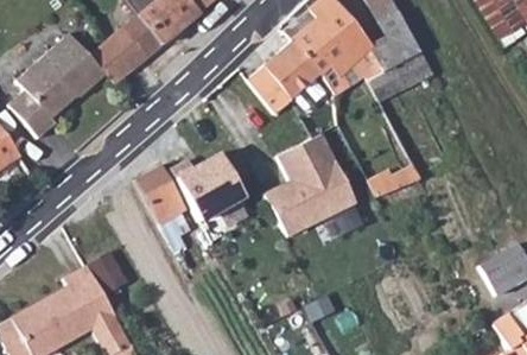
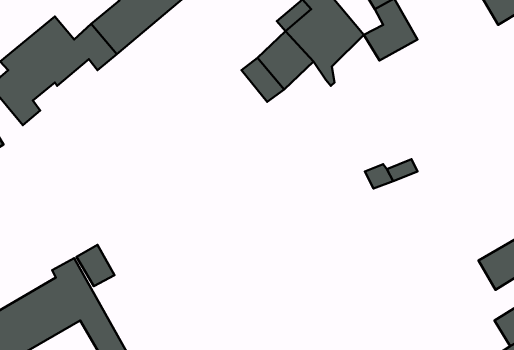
building: [370,51,433,101] -> none
building: [271,133,362,237] -> none
building: [173,153,253,228] -> none
building: [136,163,188,223] -> none

